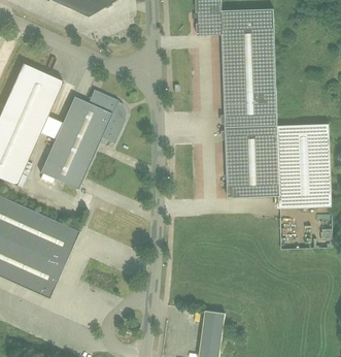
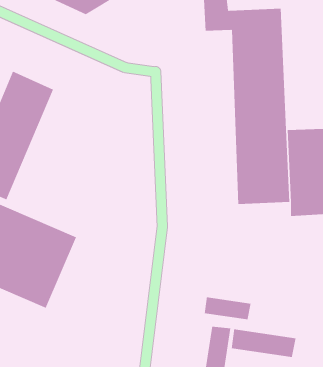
building: [43,89,125,185] -> none
building: none -> [204,296,251,320]
building: none -> [231,328,296,358]

